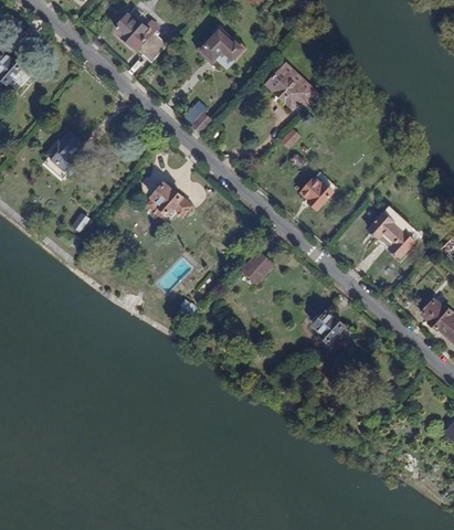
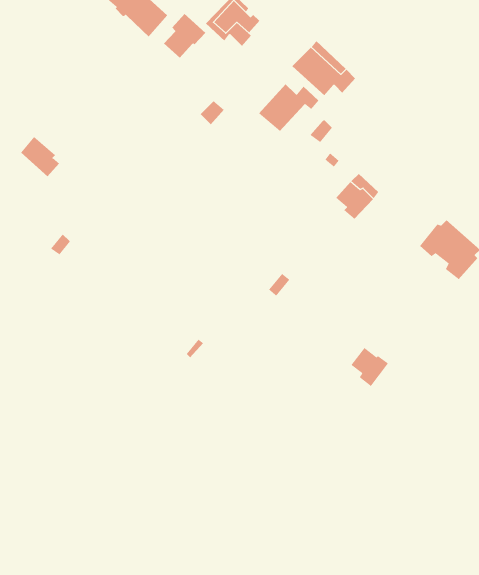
building: none -> [163,13,206,59]
building: none -> [258,83,319,132]
building: [147,184,190,218] -> none

